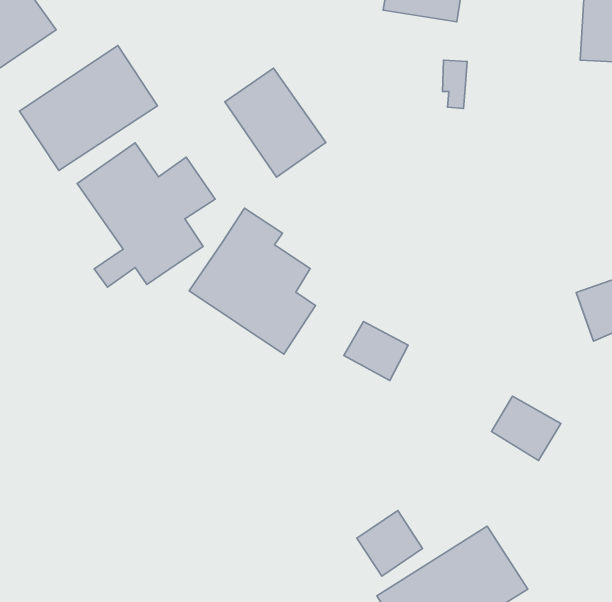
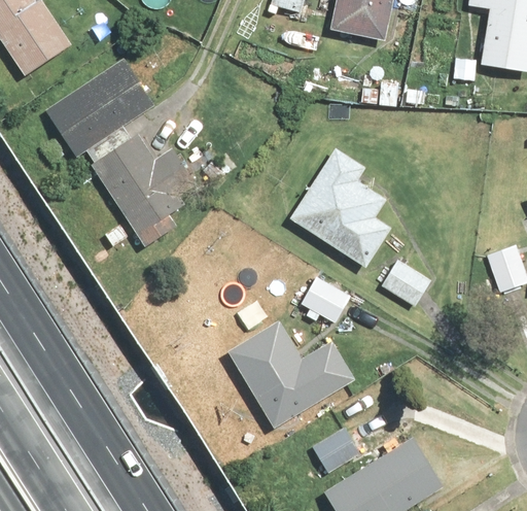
building: [225,68,326,177] -> none
building: [189,208,315,354] -> [292,151,391,266]
building: none -> [229,322,353,427]
building: [491,396,561,460] -> [379,258,433,308]

